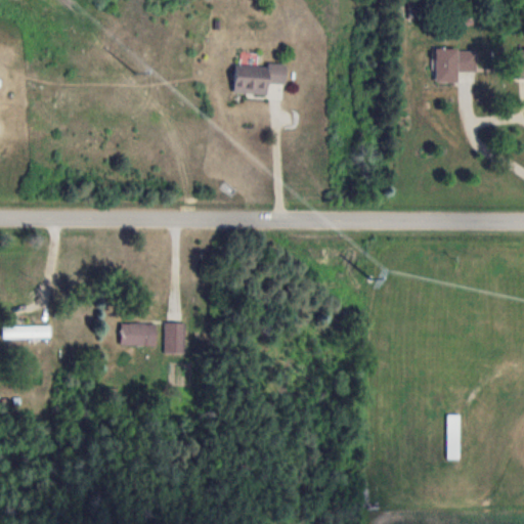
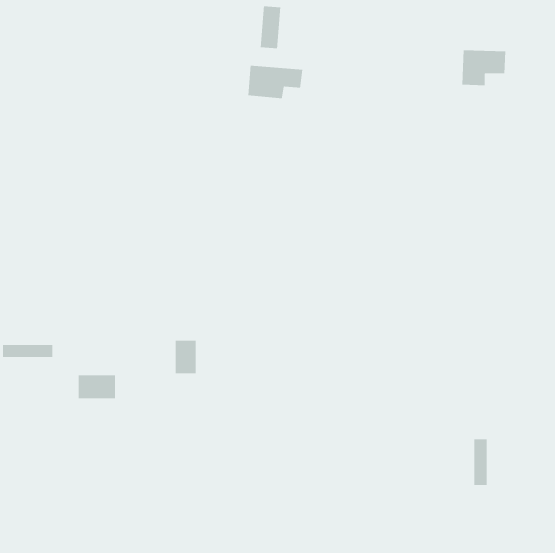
building: none -> [260,5,281,49]
building: [121,323,157,346] -> [78,375,116,399]

